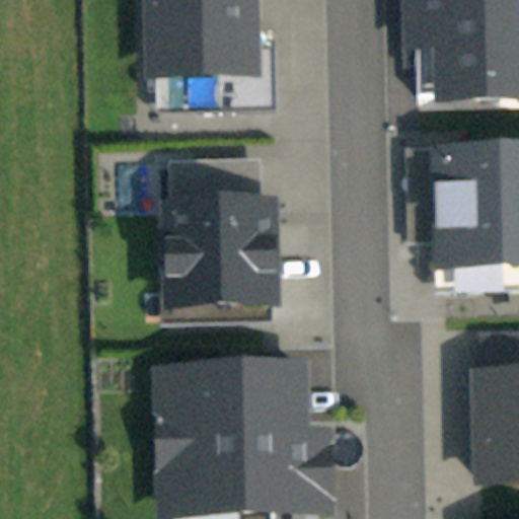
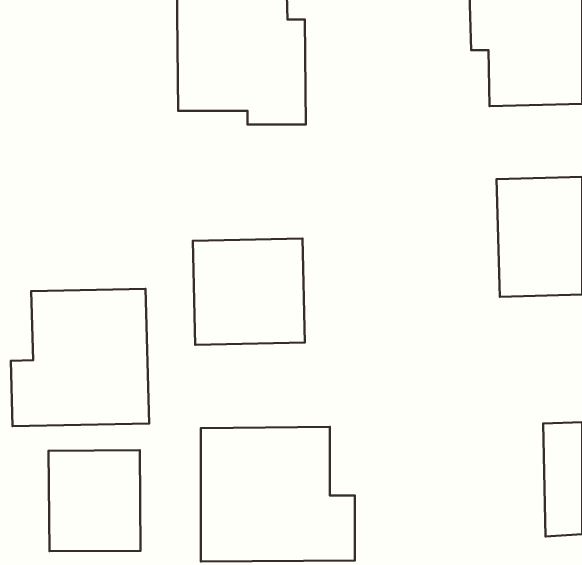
building: none -> [11,289,149,426]
building: none -> [49,450,141,551]

